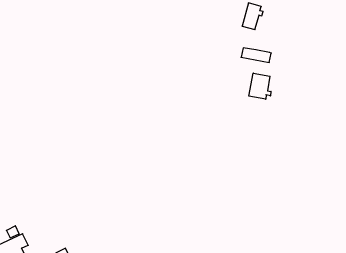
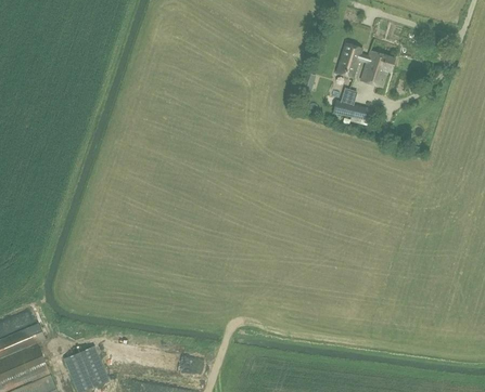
building: none -> [359,50,392,86]
building: [249,73,271,99] -> none

